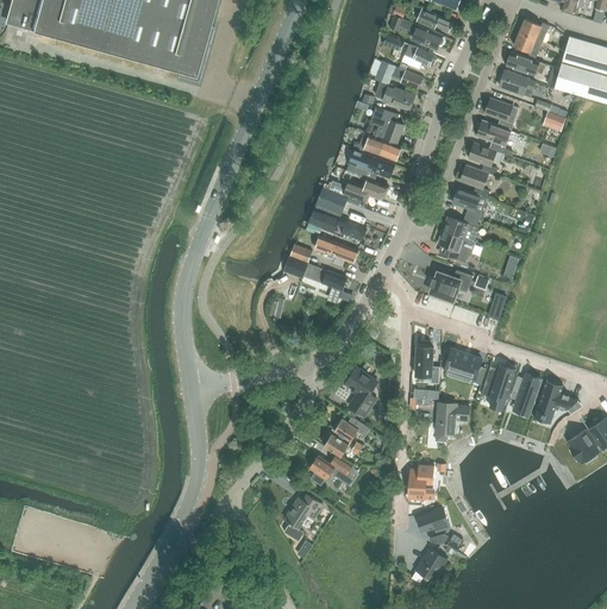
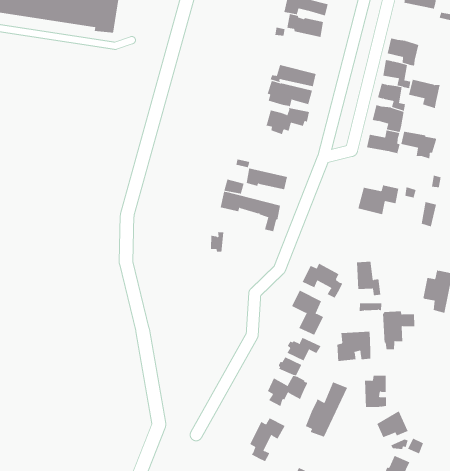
building: [483,98,518,131] -> [408,79,440,109]
building: [369,107,403,143] -> none
building: [307,187,365,240] -> none
building: [437,230,475,262] -> [400,131,437,159]
building: none -> [302,262,343,298]
building: [444,349,482,382] -> none
building: none -> [337,331,371,362]
building: none -> [305,381,348,438]

